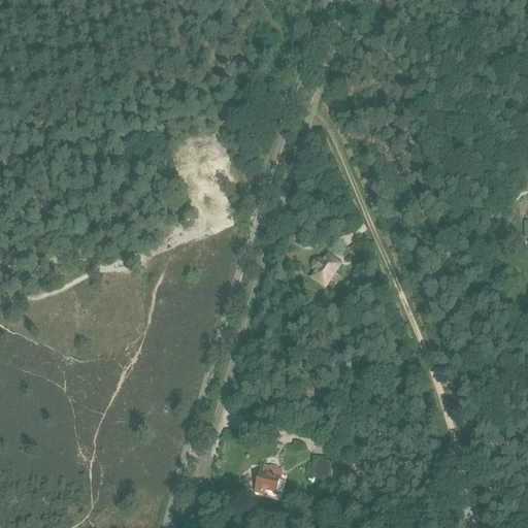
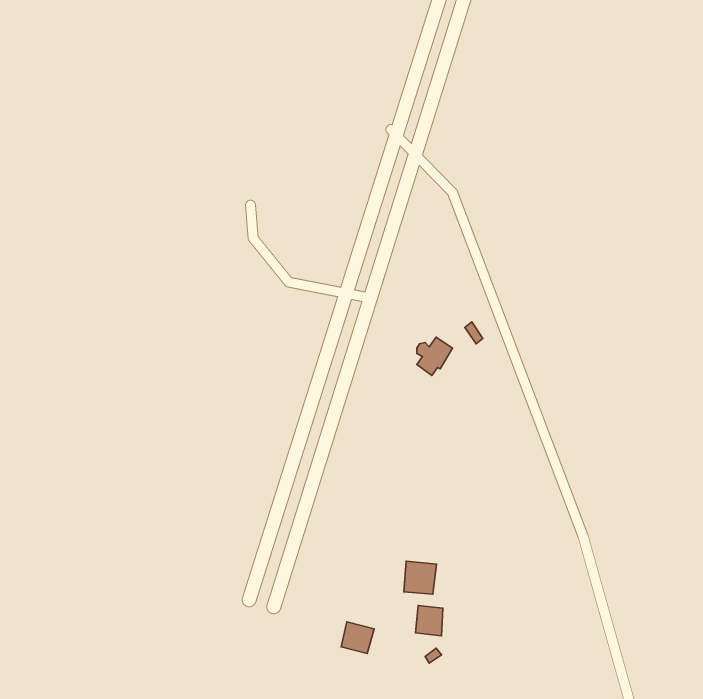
building: none -> [404,561,437,594]

